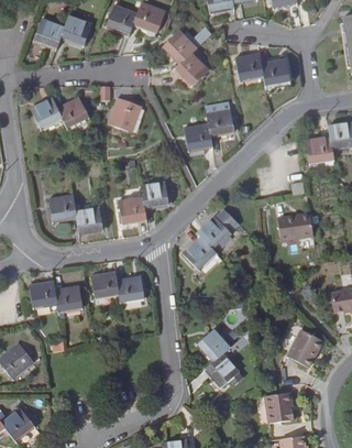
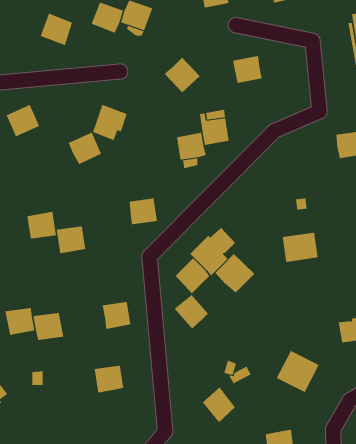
building: [34,20,65,48] -> none
building: [164,31,196,64] -> none
building: [261,58,288,85] -> none
building: [57,98,88,128] -> [68,132,102,165]
building: [306,136,333,162] -> none
building: [119,197,146,222] -> none
building: none -> [214,253,255,294]
building: [92,272,120,297] -> [94,365,124,393]
building: [198,330,230,362] -> [174,294,209,329]

